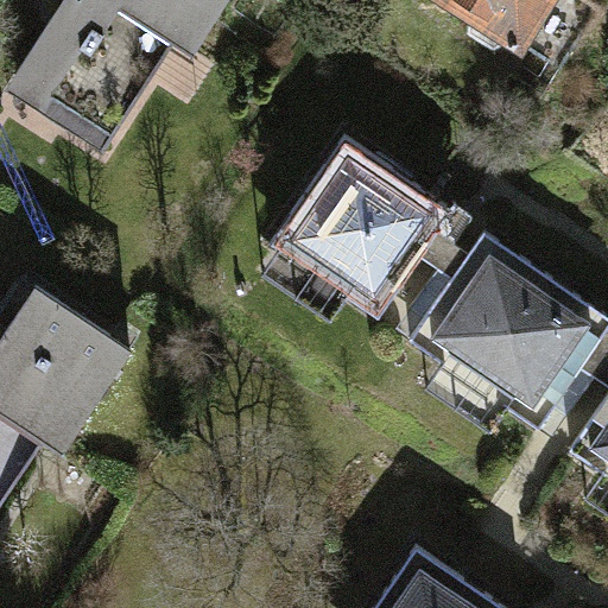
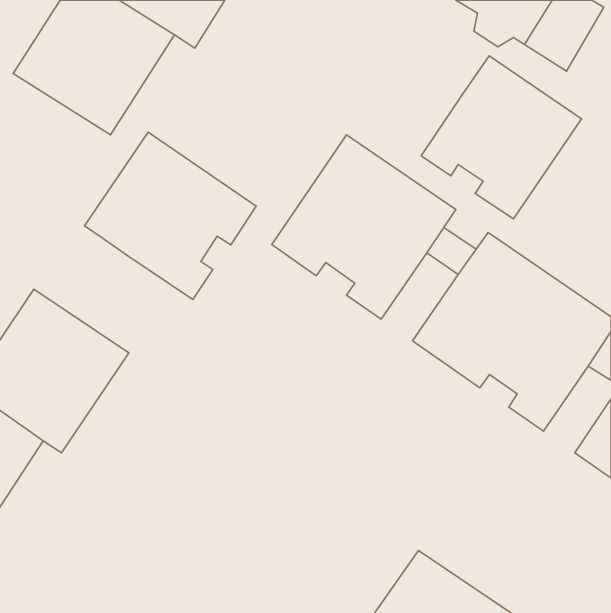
building: none -> [421,56,582,219]
building: none -> [85,132,256,299]

